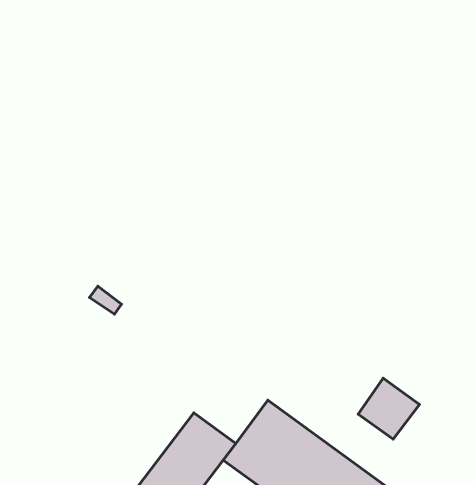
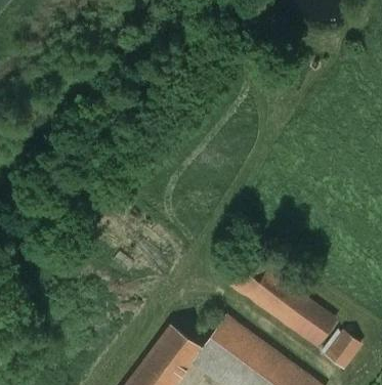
building: none -> [235,257,311,327]
building: none -> [328,331,363,368]

